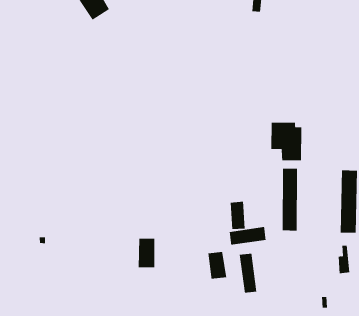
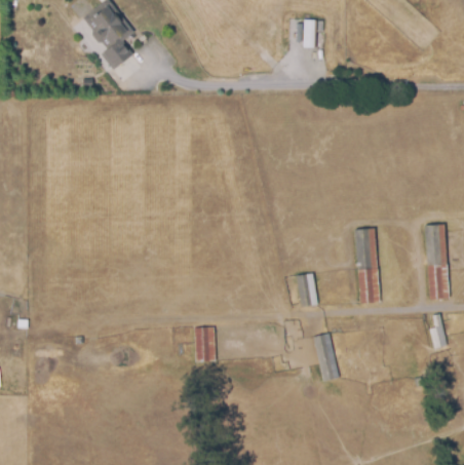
building: [271,122,302,161] -> none
building: [229,226,266,245] -> none
building: [208,251,227,280] -> none

